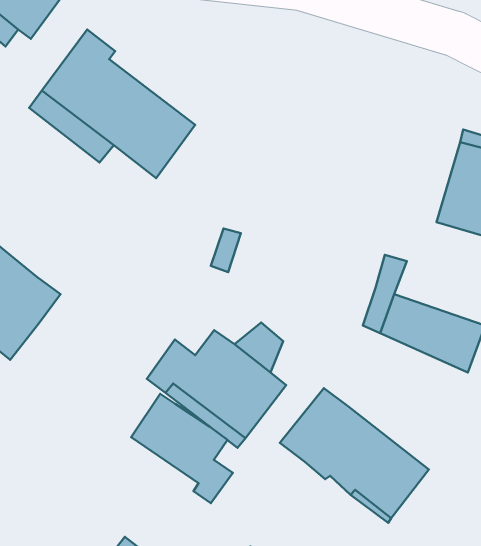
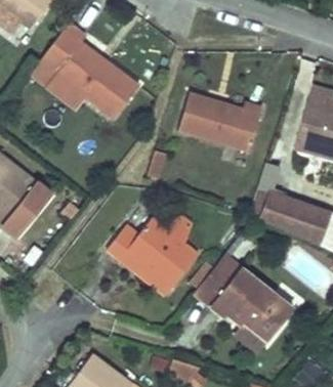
building: none -> [176,89,261,150]
building: [131,394,233,503] -> none

